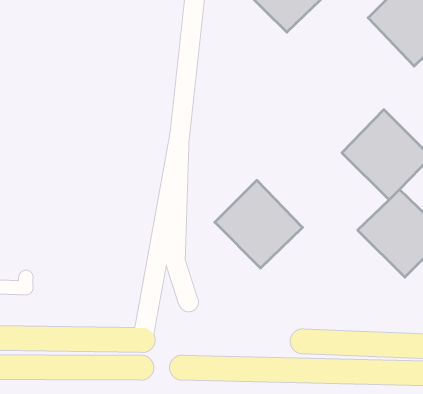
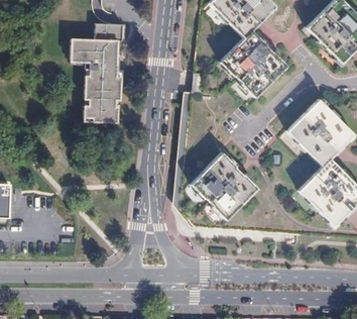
building: none -> [70,22,122,121]
building: none -> [220,30,286,97]

